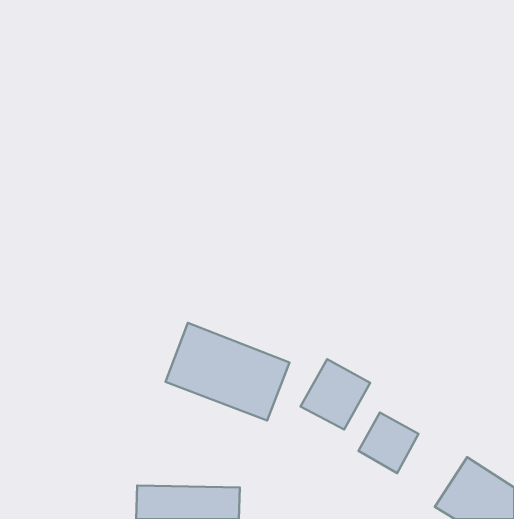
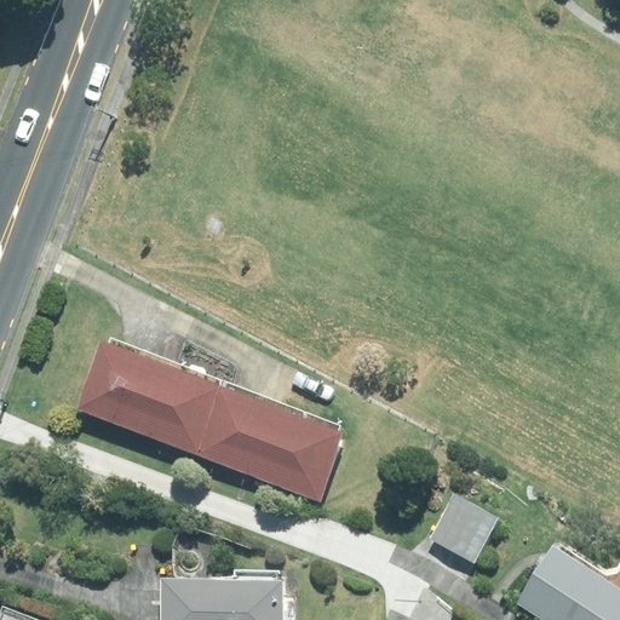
building: none -> [76,339,224,455]
building: [300,359,370,430] -> none

